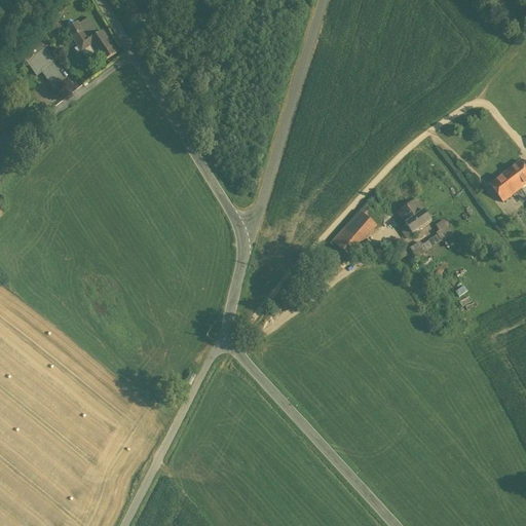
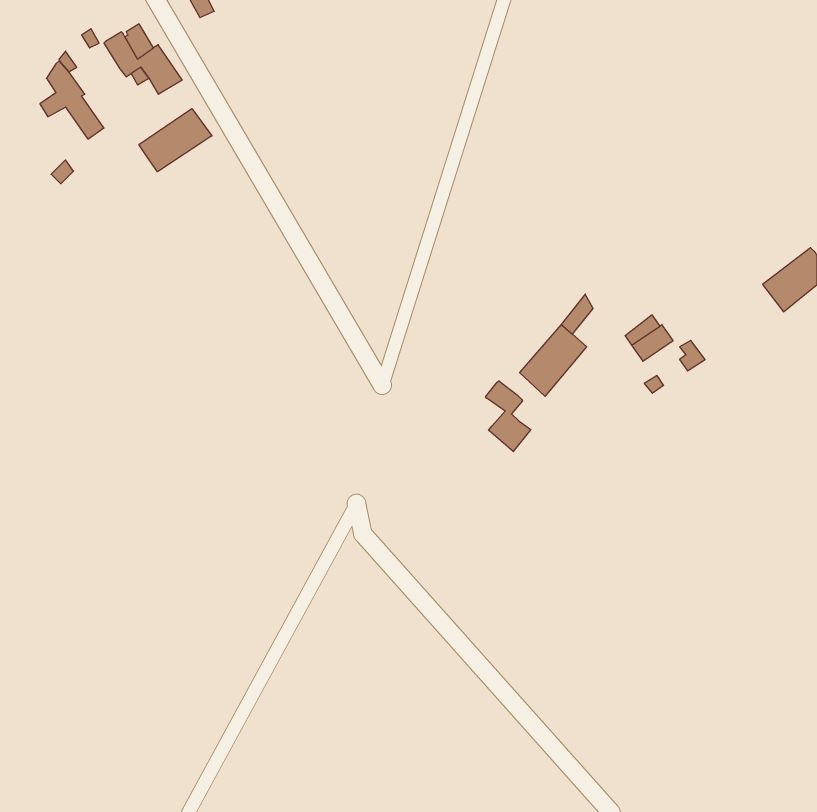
building: none -> [139,109,212,172]
building: none -> [486,381,531,452]

